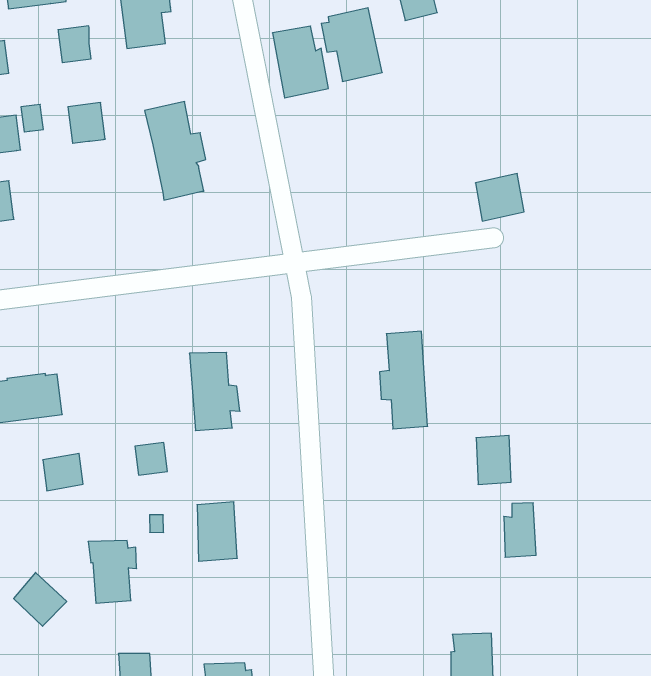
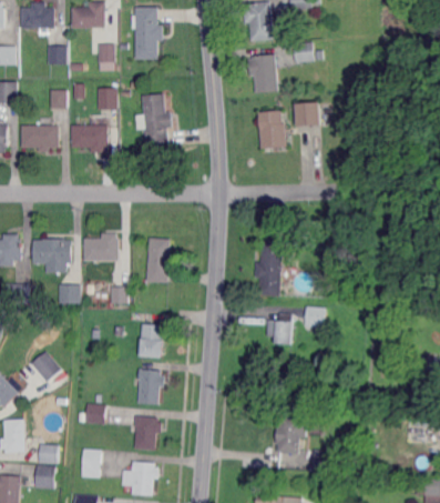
building: [272,26,328,98] -> [256,111,284,150]
building: none -> [71,127,108,153]
building: [475,174,524,221] -> [293,103,318,128]
building: none -> [84,233,120,261]
building: [504,503,536,557] -> [270,313,290,344]
building: [88,541,137,603] -> [137,369,164,405]

